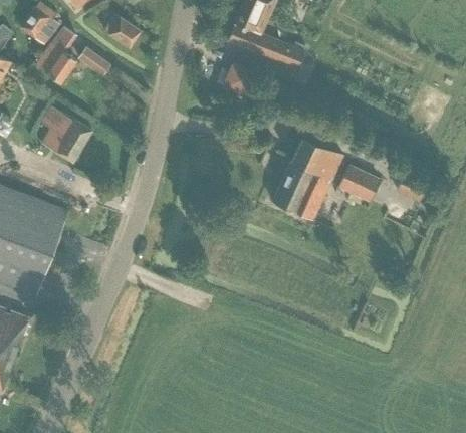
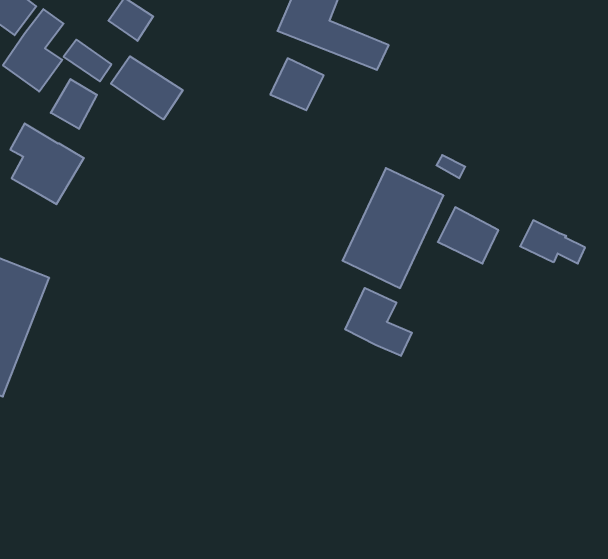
building: none -> [111,56,183,119]
building: none -> [51,79,97,129]
building: none -> [345,288,412,356]

